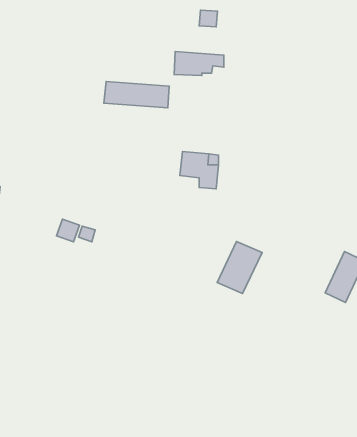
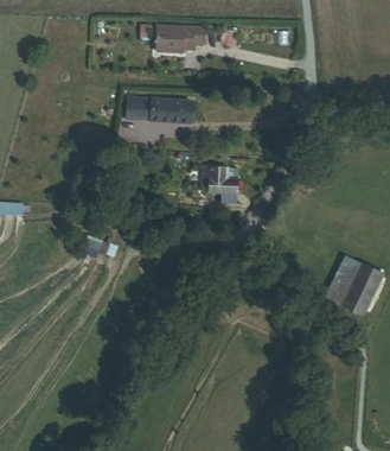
building: [174,51,224,76] -> [160,27,209,51]
building: [217,242,262,294] -> [319,254,363,305]

